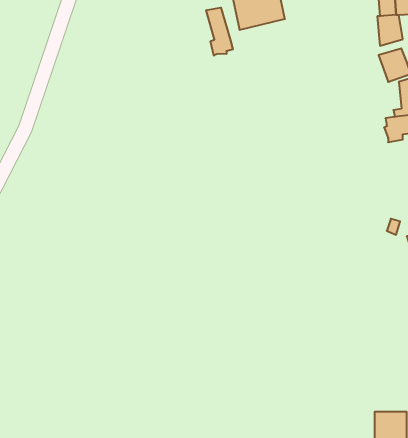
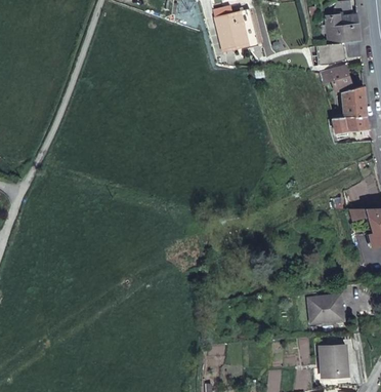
building: [206,8,233,56] -> none
building: none -> [312,295,345,321]

